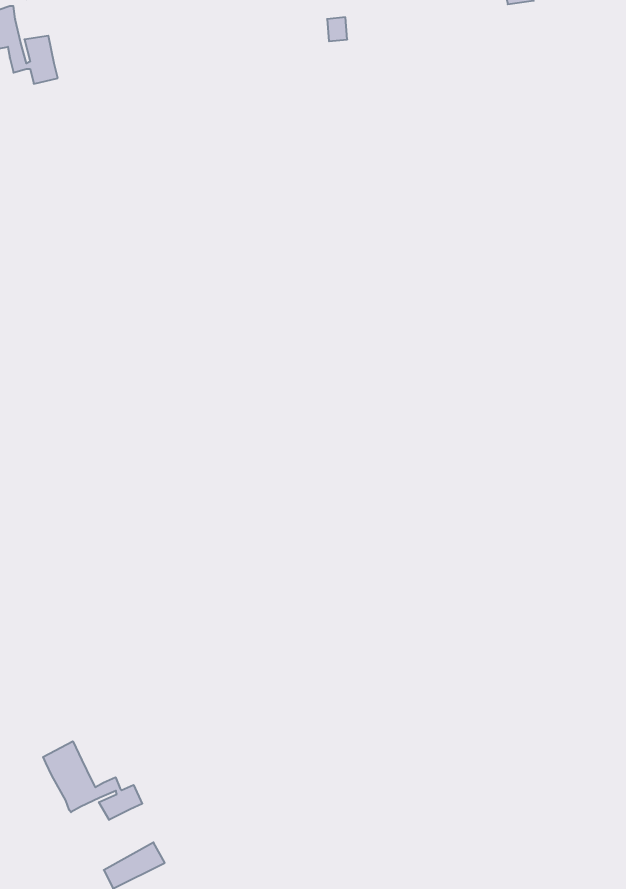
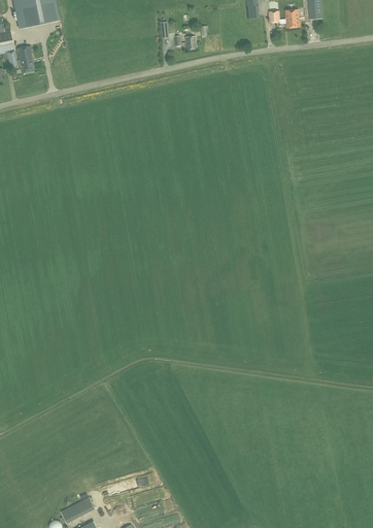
building: [43,741,142,820] -> none

